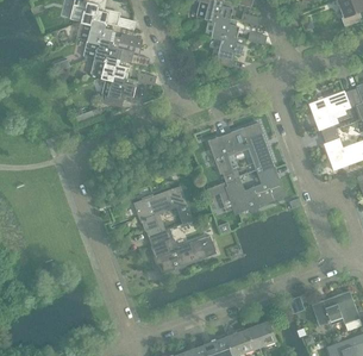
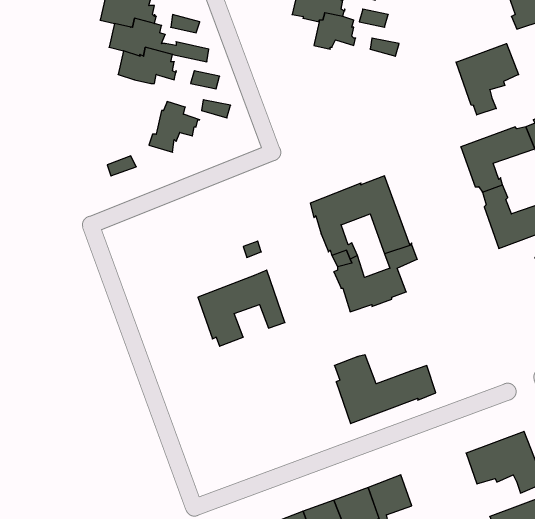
building: [213,33,245,65] -> none
building: none -> [456,44,519,115]
building: [89,56,127,80] -> none
building: [149,227,215,273] -> [334,355,436,424]

